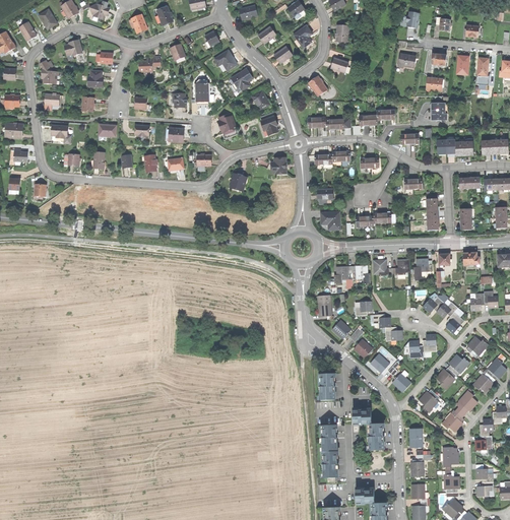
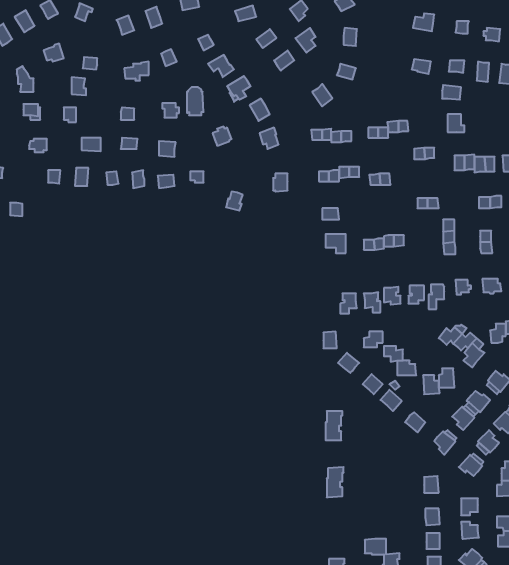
building: [353,409,384,450] -> none
building: [321,450,336,477] -> none

